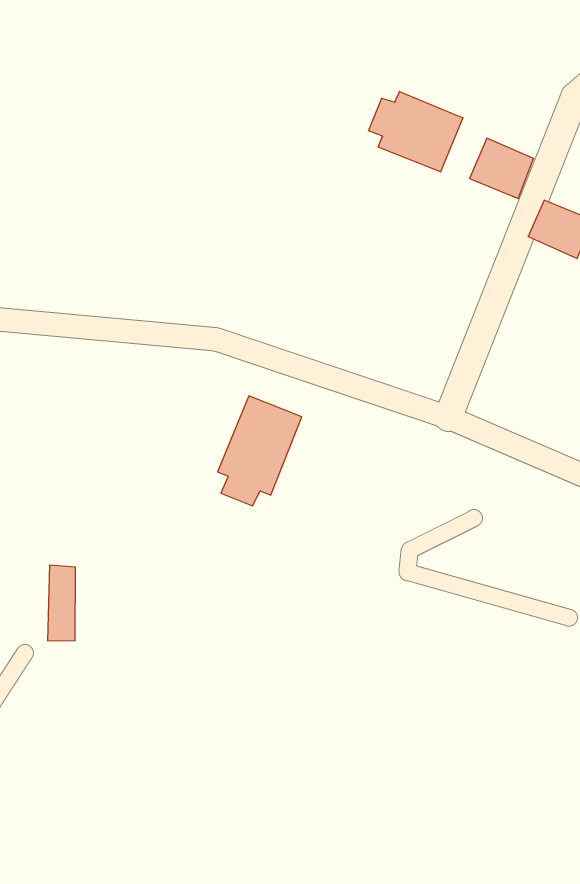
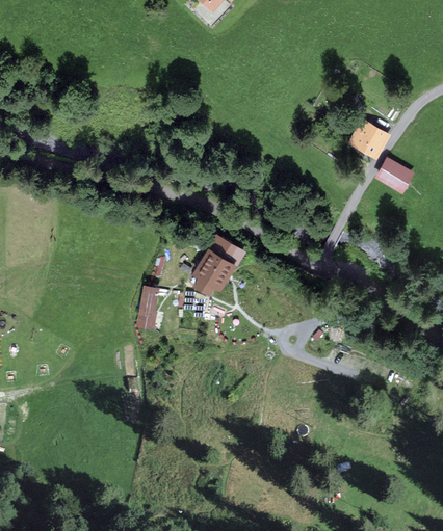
building: [368,91,463,172] -> none
building: [48,565,75,641] -> [136,287,157,328]

